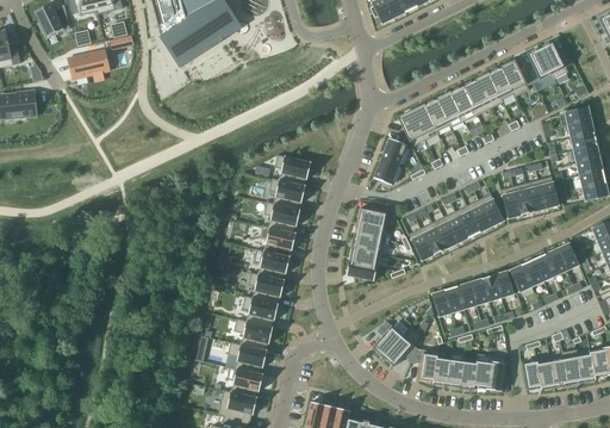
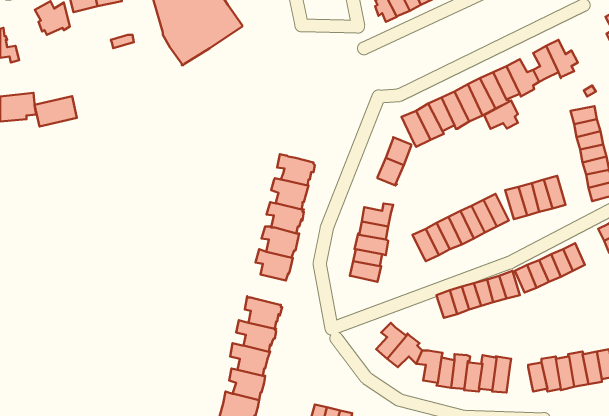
building: [68,49,110,79] -> [35,96,77,126]
building: none -> [484,101,518,129]
building: [249,272,286,303] -> none

